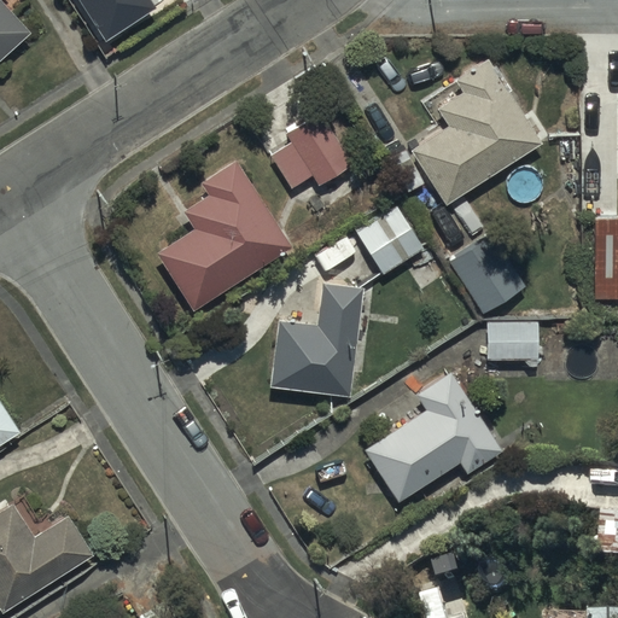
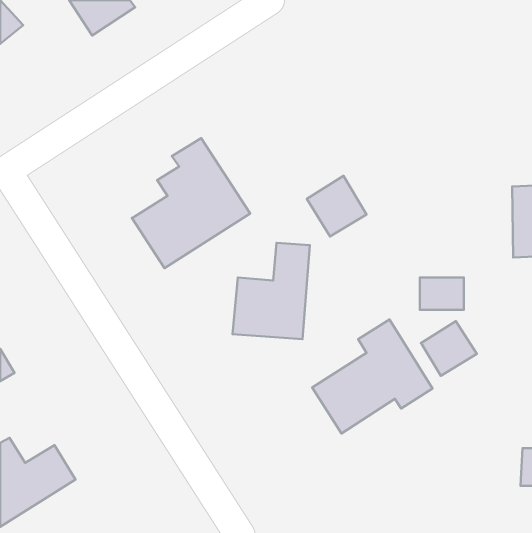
building: [402,57,546,205] -> none
building: [272,113,352,188] -> none
building: [450,235,525,314] -> none
building: none -> [421,321,477,376]

